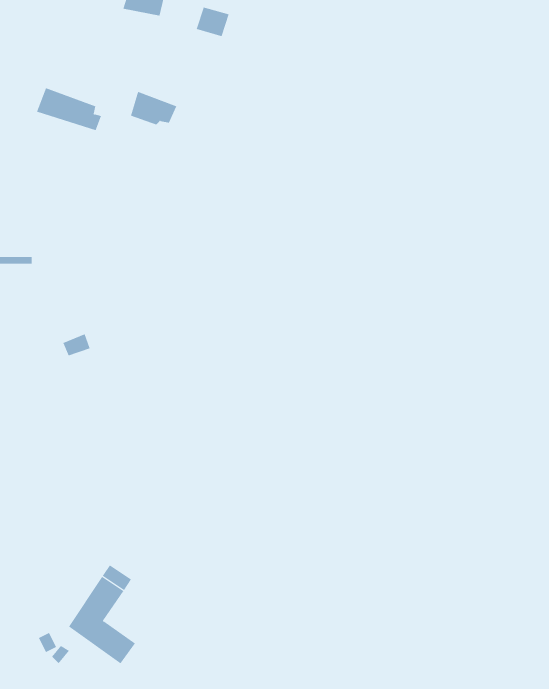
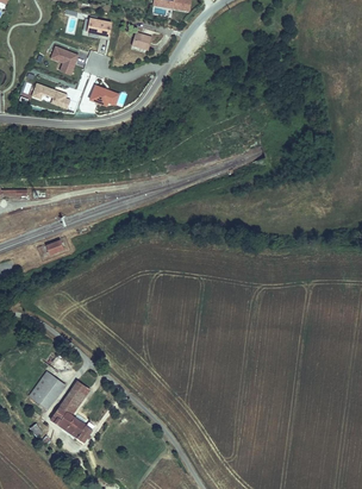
building: none -> [49,45,79,76]
building: none -> [31,375,64,415]

